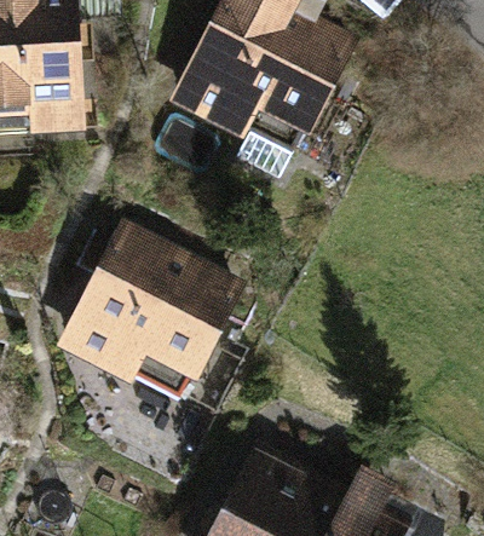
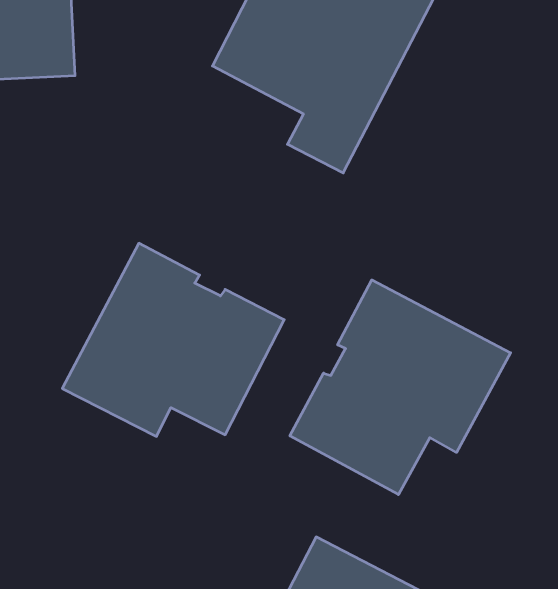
building: none -> [290,280,511,495]

